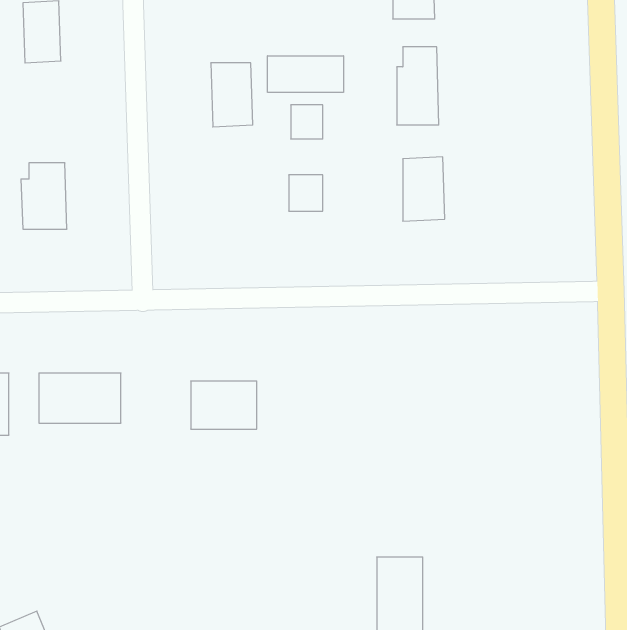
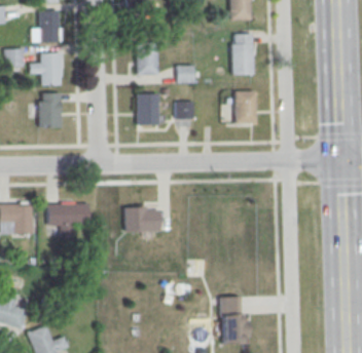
building: [268,56,343,92] -> none
building: none -> [40,53,63,86]
building: none -> [137,95,159,125]

